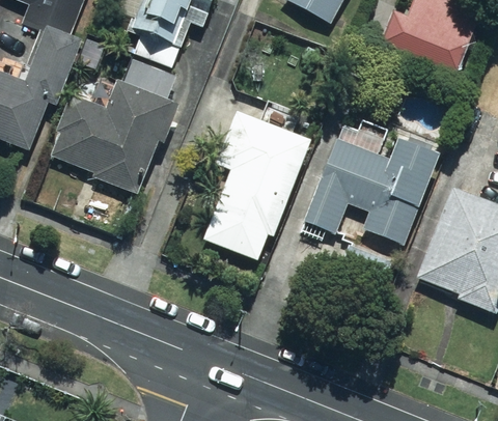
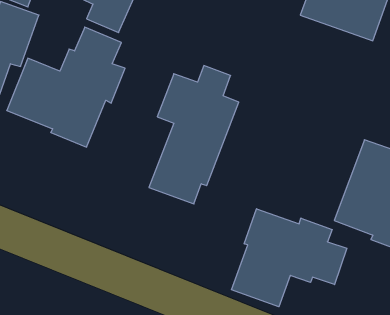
building: [303,118,438,246] -> none
building: none -> [232,209,347,307]

